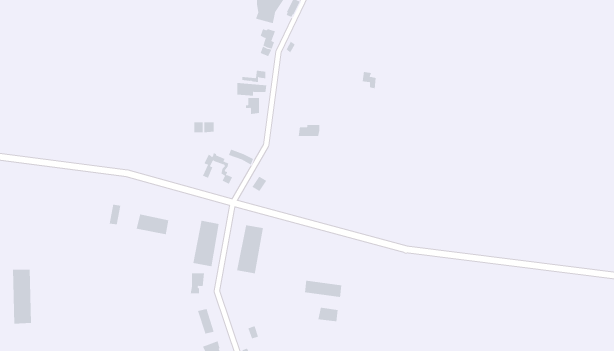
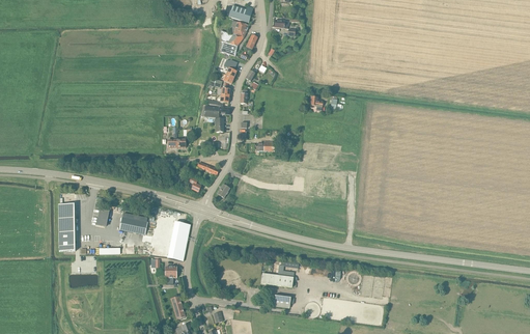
building: [236,224,263,274] -> none
building: [12,269,32,324] -> [58,203,75,250]

